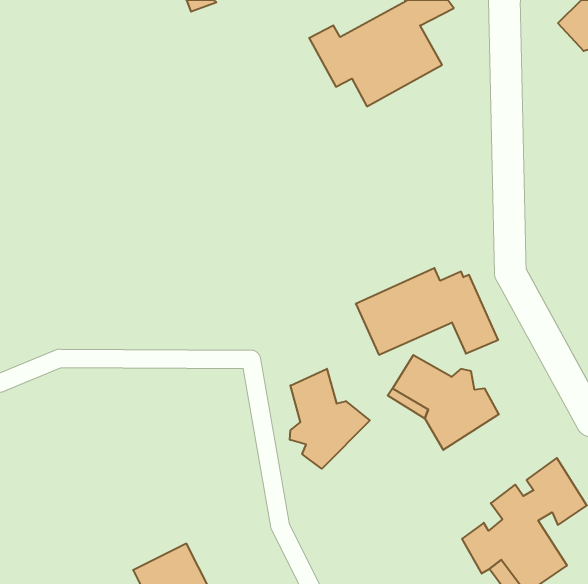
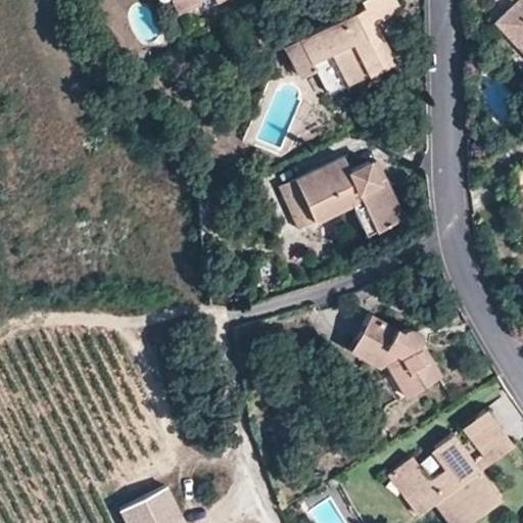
building: [356,268,498,355] -> [278,155,403,232]
building: [290,369,370,469] -> none
building: none -> [390,455,430,517]

